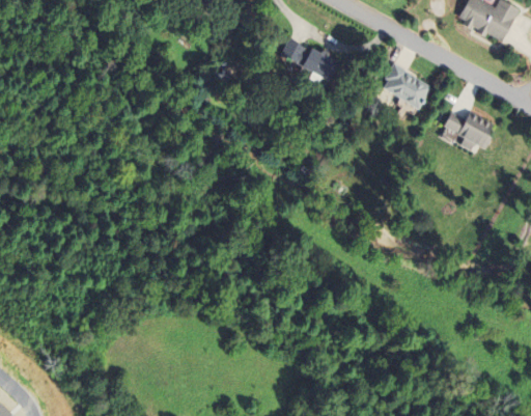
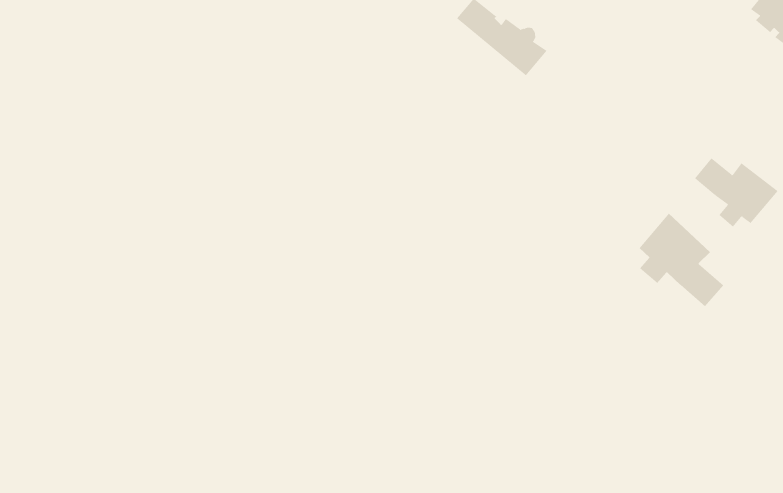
building: [383,62,431,109] -> none
building: none -> [639,213,724,307]

